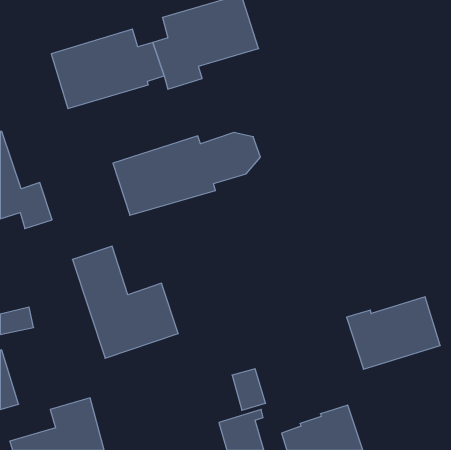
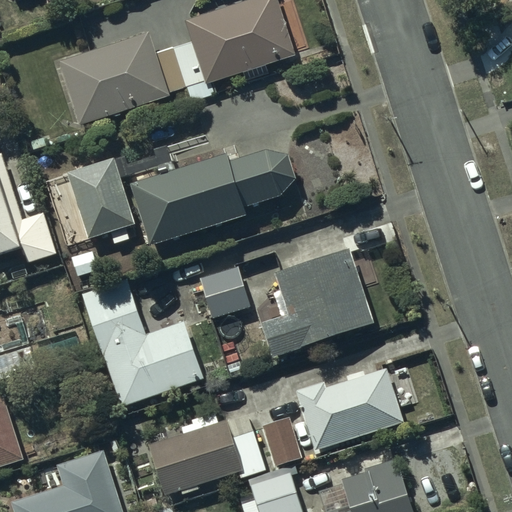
building: none -> [66,158,134,244]
building: none -> [261,248,373,356]
building: none -> [200,267,248,318]
building: [347,297,440,369] -> [295,368,401,450]
building: none -> [148,414,266,495]

